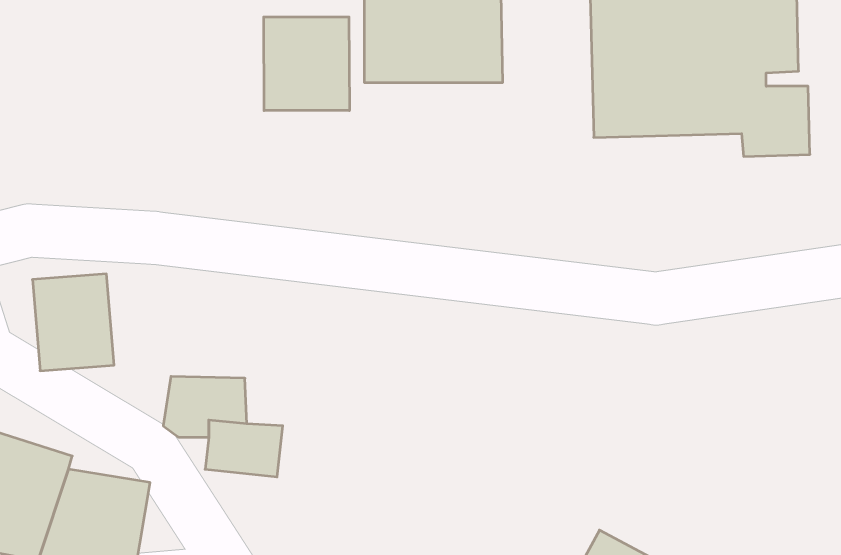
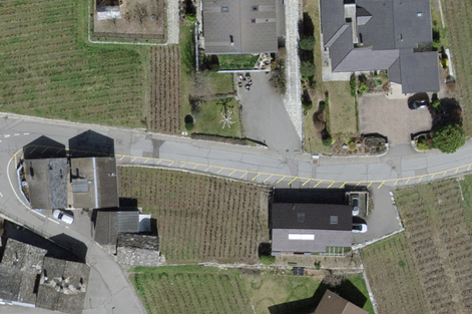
building: [264,17,349,111] -> none
building: none -> [72,153,118,205]
building: none -> [268,201,346,252]

